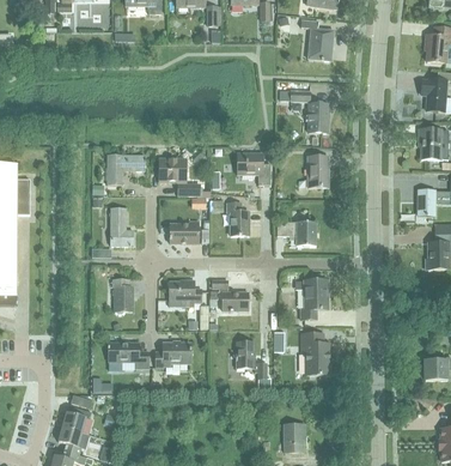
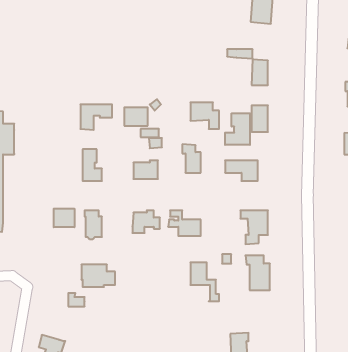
building: none -> [225,113,250,145]
building: none -> [54,209,74,227]
building: [154,343,190,367] -> none
building: [61,405,91,432] -> none

